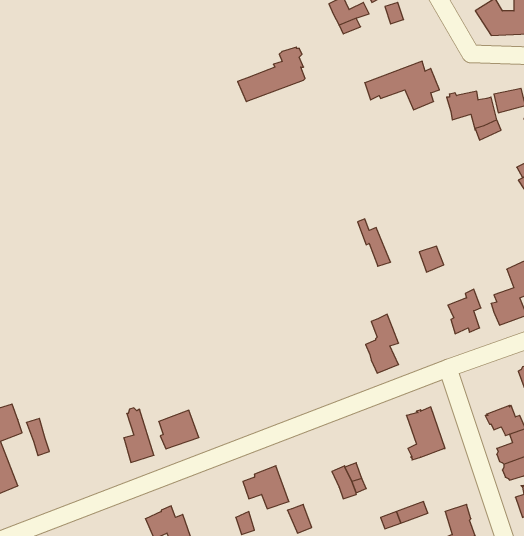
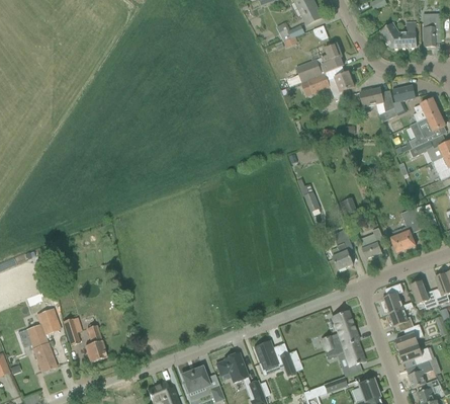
building: [238,47,305,102] -> [295,43,343,81]
building: [366,314,399,373] -> [330,228,353,269]
building: none -> [381,282,409,315]
building: [124,408,154,462] -> [85,323,106,361]
building: [159,410,199,449] -> [181,366,209,393]
building: none -> [325,339,364,366]
building: none -> [253,340,279,371]

